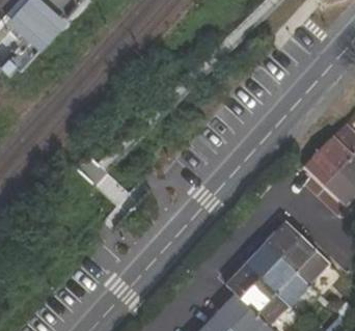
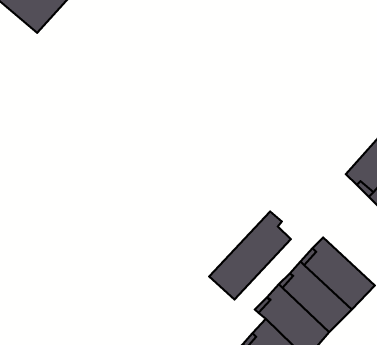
building: none -> [209,211,291,299]

